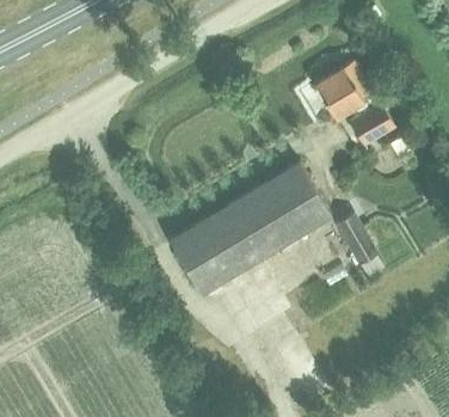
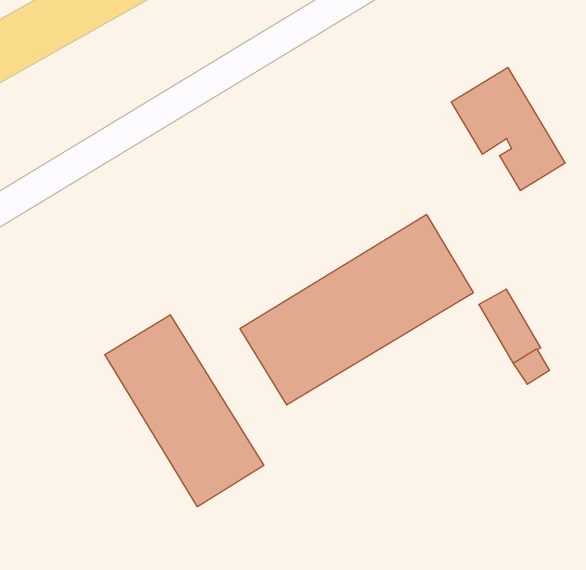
building: none -> [105,315,264,507]

